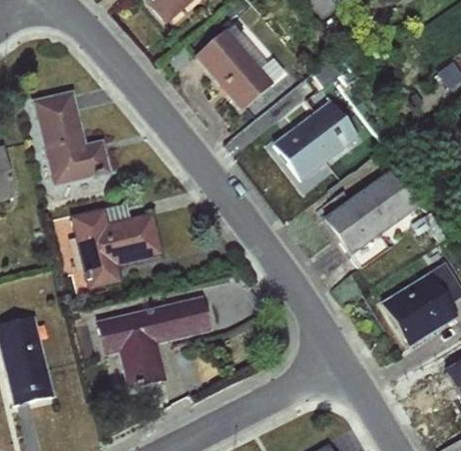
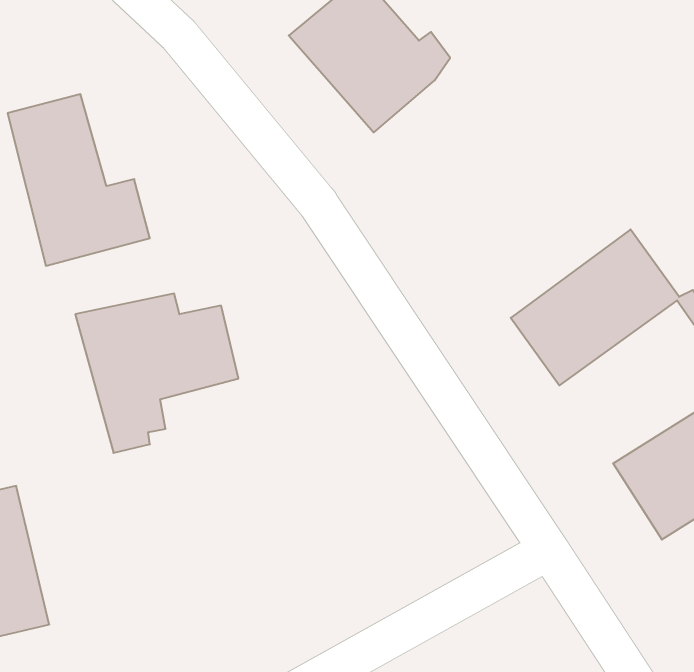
building: [272,97,360,181] -> none
building: [95,295,211,390] -> none

